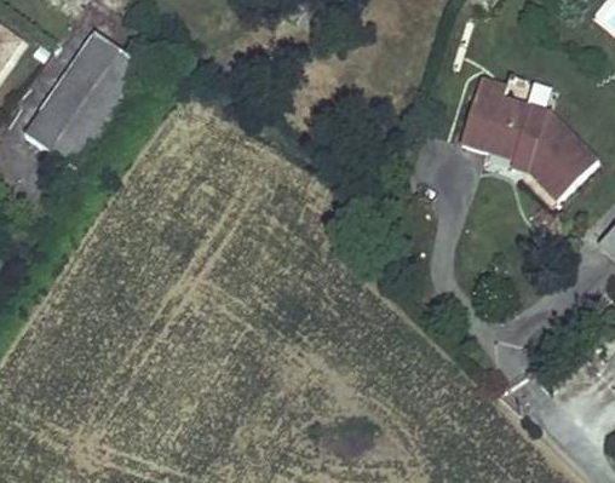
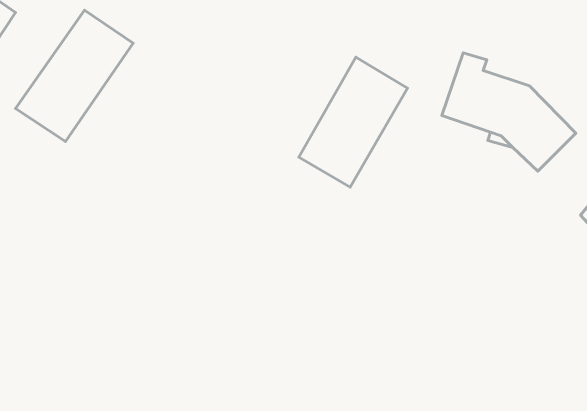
building: none -> [299,57,408,187]

